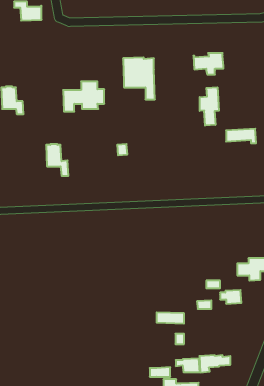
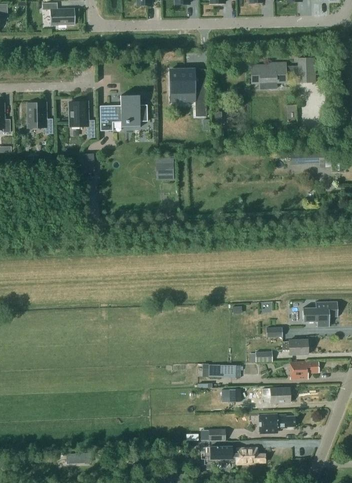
building: none -> [298,57,315,82]
building: [200,87,219,126] -> none
building: [46,144,68,176] -> [69,100,95,137]
building: none -> [289,361,319,379]
building: [176,358,200,372] -> [262,386,290,402]

